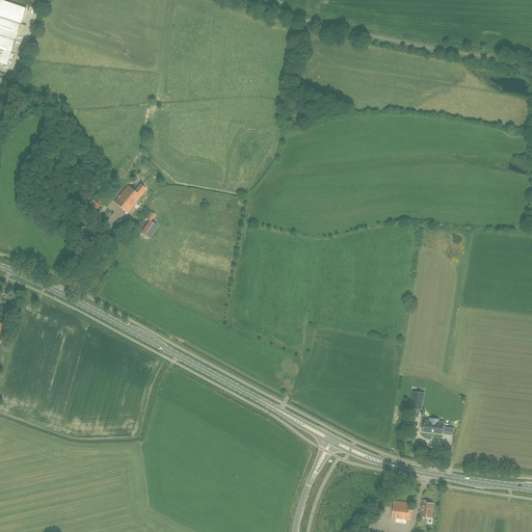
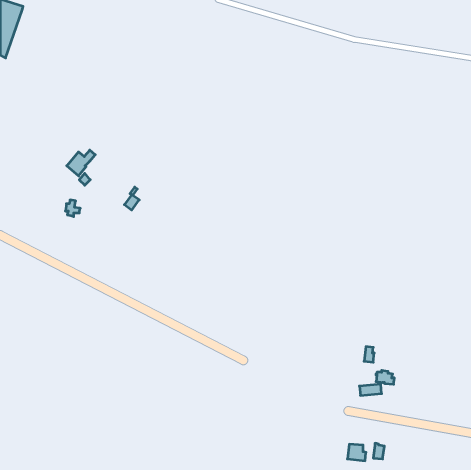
building: [114,183,147,212] -> [67,150,95,176]

